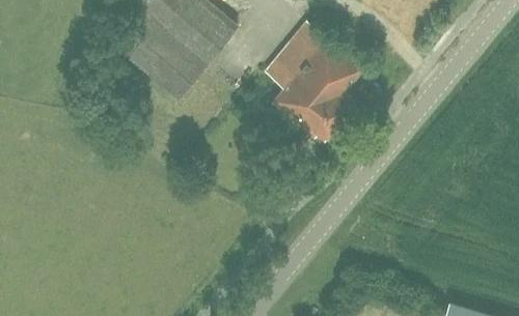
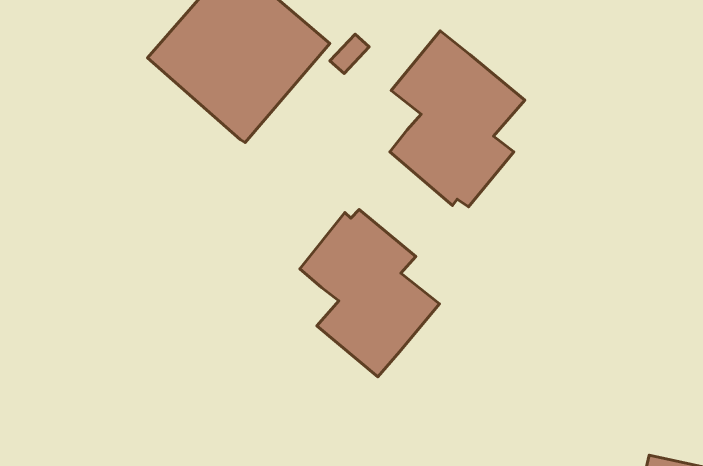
building: none -> [300,210,439,377]

